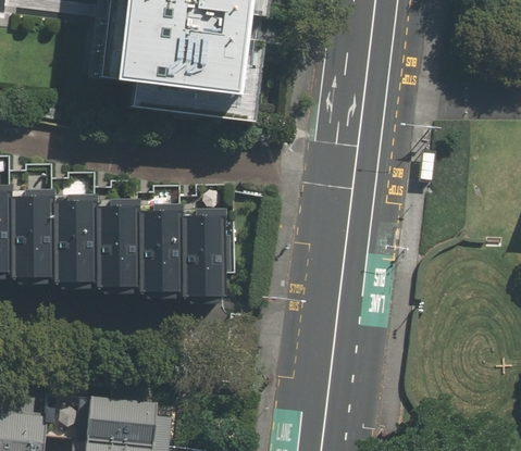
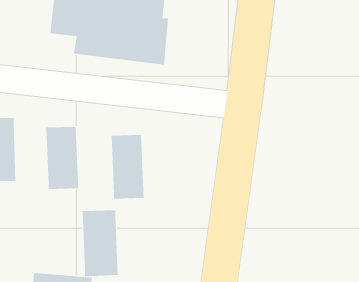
building: [51,196,96,279] -> none
building: [134,205,183,295] -> [82,210,119,277]

